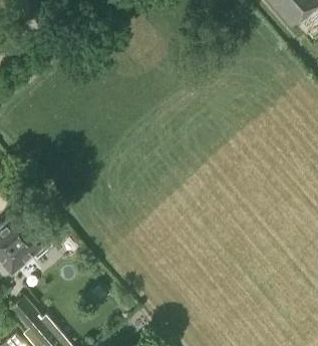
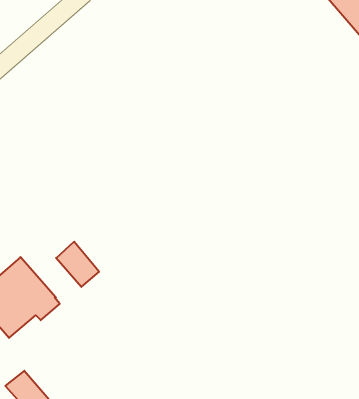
building: none -> [56,242,99,287]

